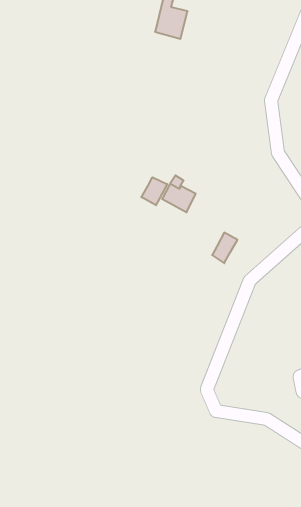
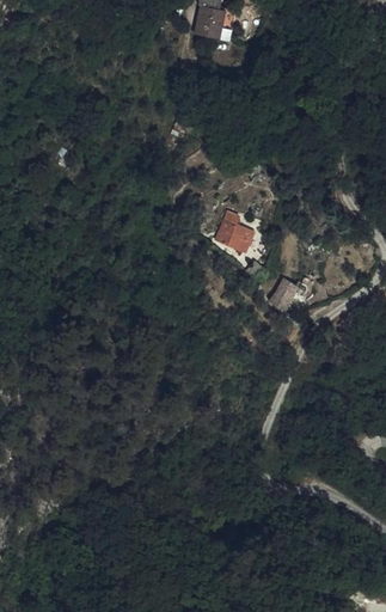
building: [141,177,167,205] -> none

